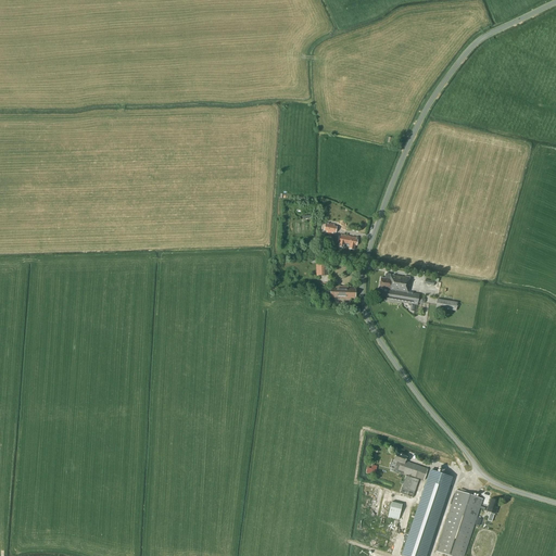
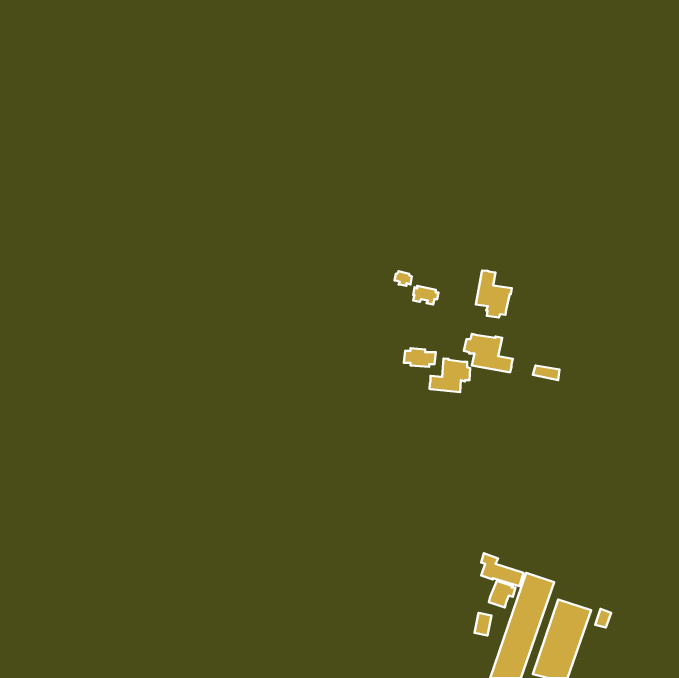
building: none -> [476,270,512,317]
building: none -> [430,358,470,392]

